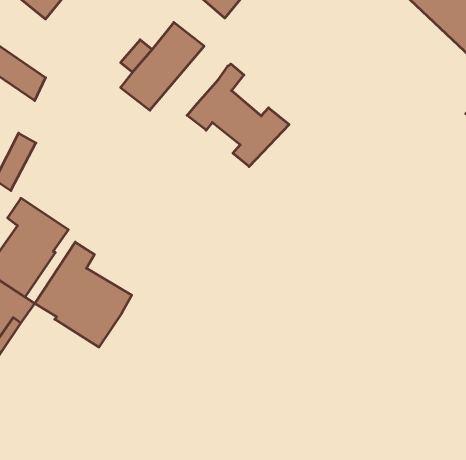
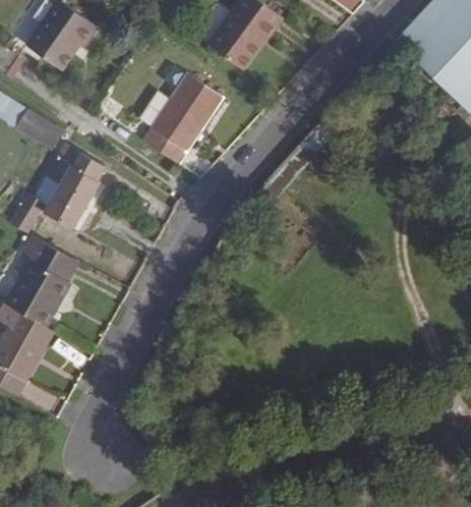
building: [187,64,289,167] -> none
building: none -> [51,146,104,230]
building: [35,242,132,347] -> none

